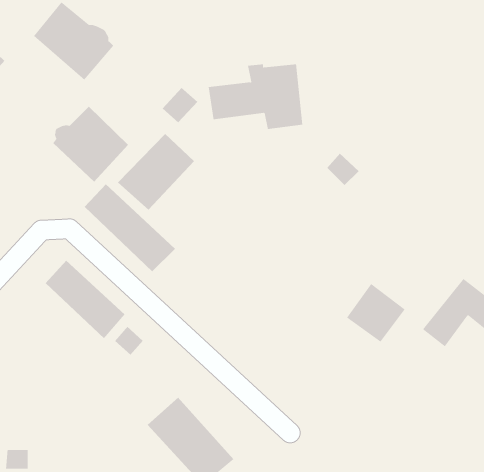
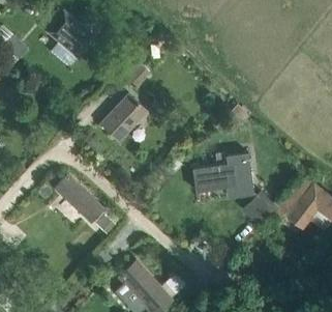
building: [208,64,303,130] -> [190,154,250,196]
building: [53,106,129,182] -> none
building: [84,184,176,272] -> none

